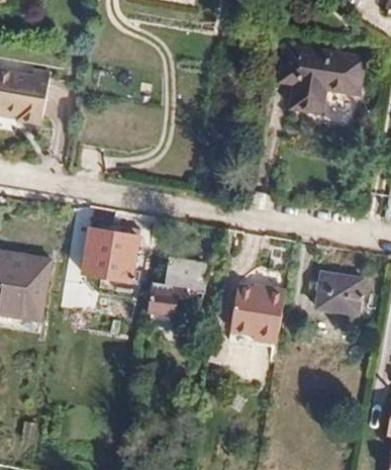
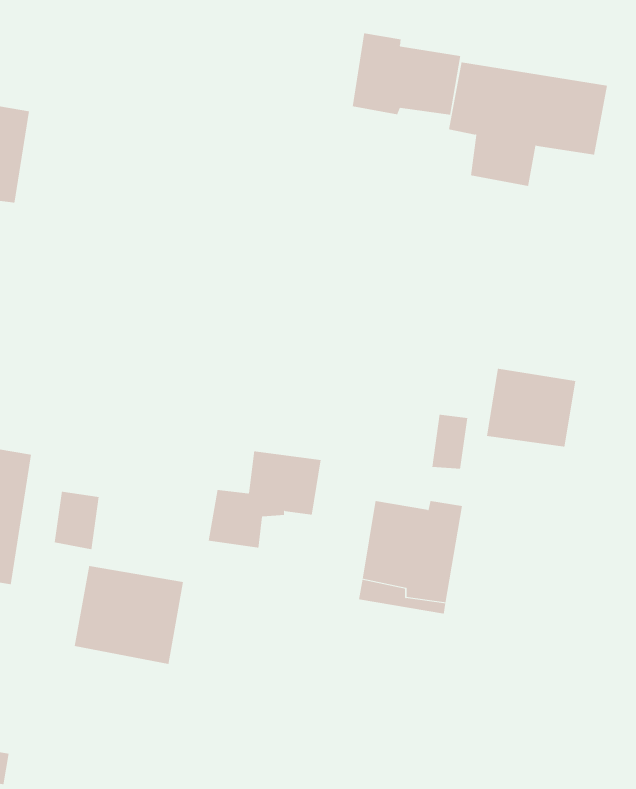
building: none -> [352,33,461,115]
building: [80,228,140,283] -> [74,565,184,665]
building: [315,271,365,314] -> [486,368,576,447]

